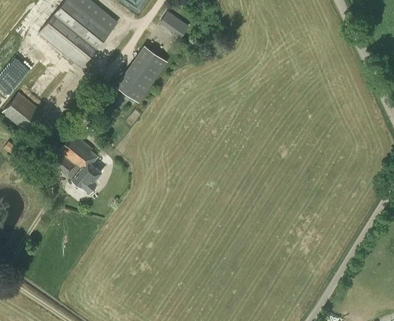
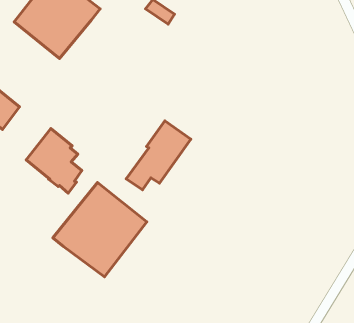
building: [108,44,168,108] -> [126,121,191,190]
building: none -> [53,182,147,277]

